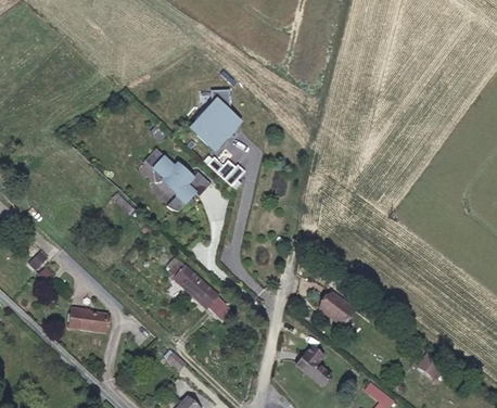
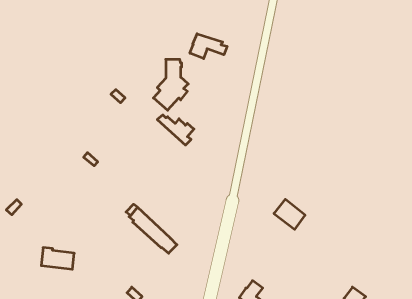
building: none -> [190,34,227,59]
building: [143,148,211,207] -> none
building: [319,292,355,327] -> [274,199,305,229]

